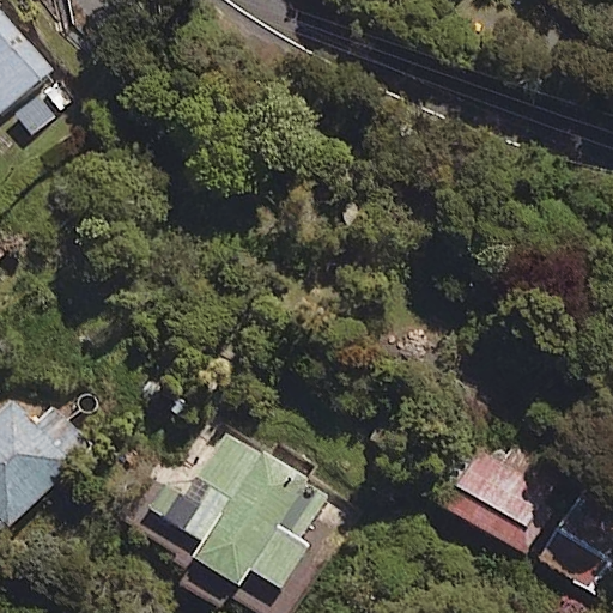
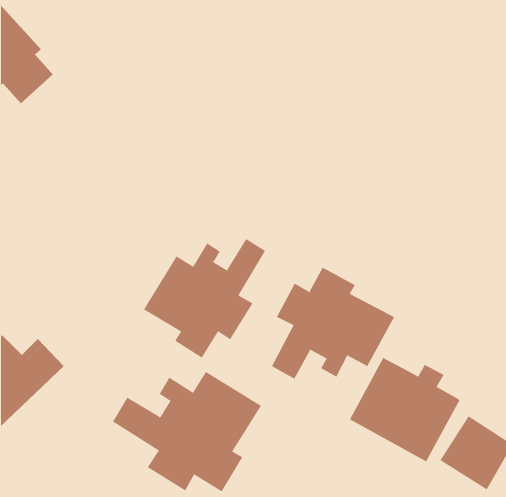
building: none -> [143,238,266,359]
building: none -> [271,267,395,380]

